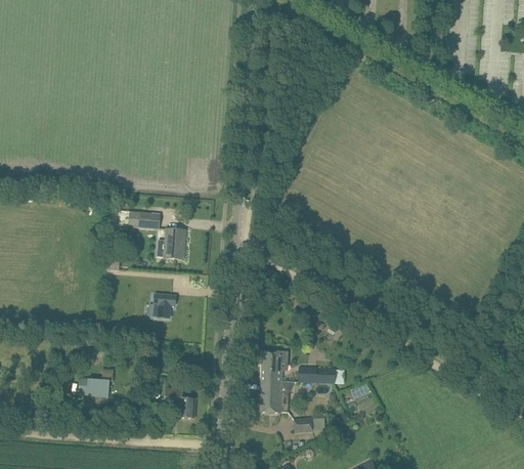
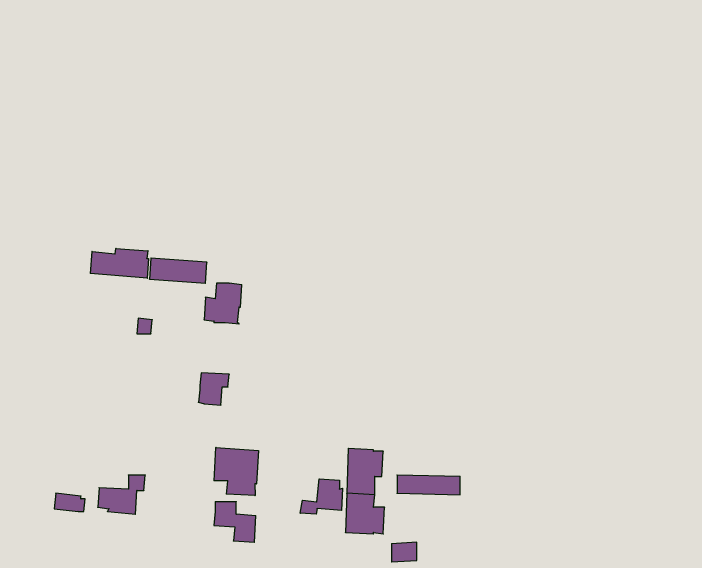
building: none -> [90,248,148,278]
building: none -> [214,447,258,496]
building: none -> [300,479,342,514]

